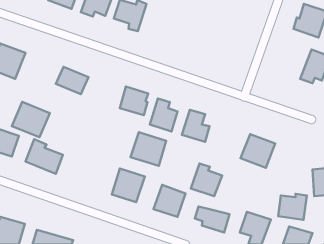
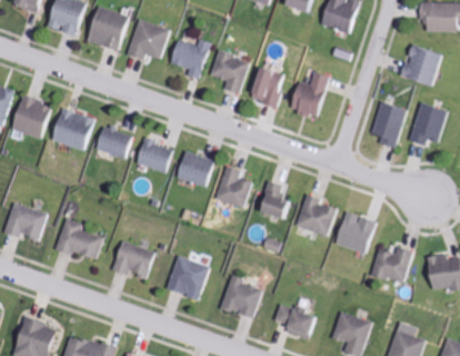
building: none -> [211,52,249,93]
building: none -> [249,67,286,107]
building: none -> [289,72,331,119]
building: none -> [372,101,406,148]
building: none -> [137,139,171,171]
building: [12,102,50,137] -> [49,107,98,152]
building: [130,132,166,166] -> none
building: none -> [111,240,157,278]
building: [191,163,222,196] -> [296,194,336,236]
building: [278,194,307,220] -> [371,248,408,281]

